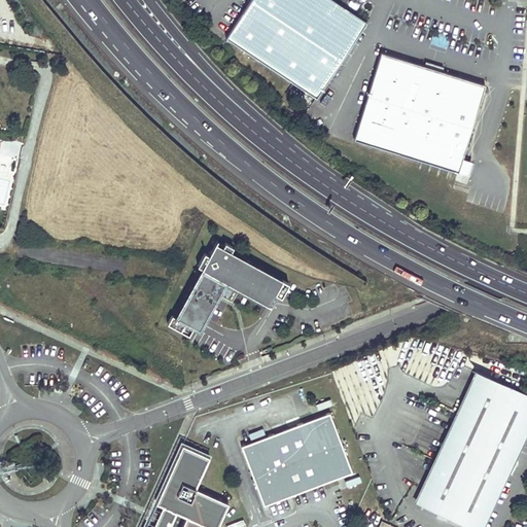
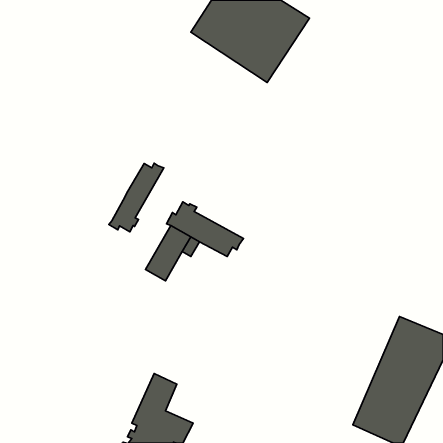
building: [355,52,486,173] -> none
building: none -> [109,163,164,232]
building: [244,418,356,511] -> none

